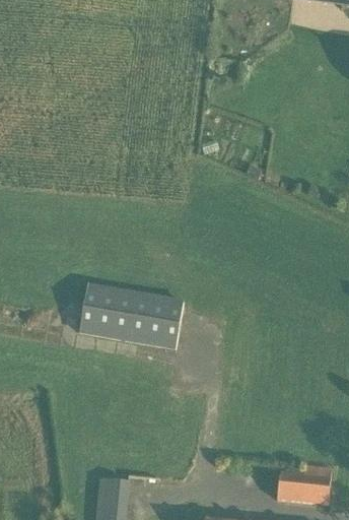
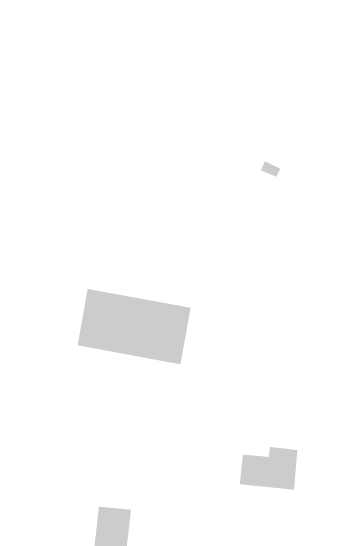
building: [277,465,331,505] -> [239,446,298,490]

